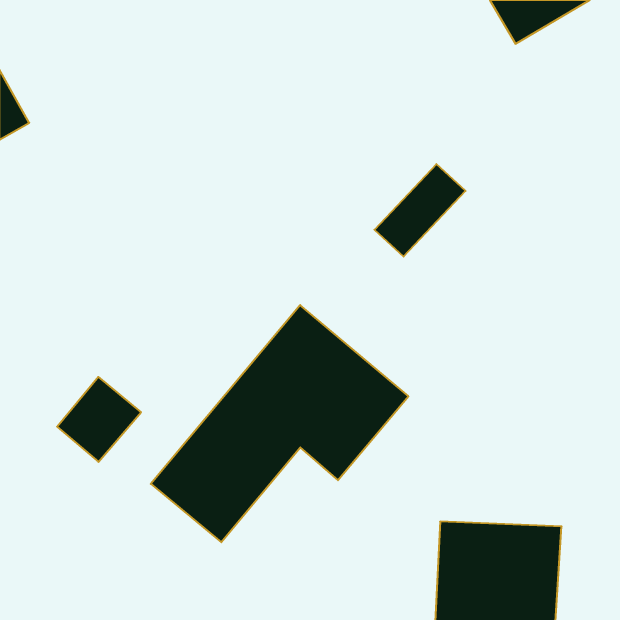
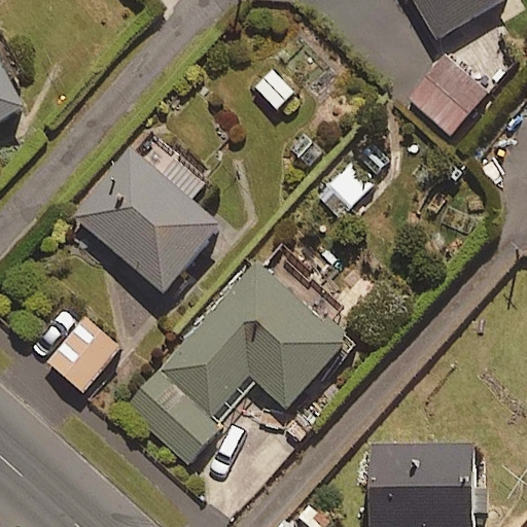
building: none -> [406,57,486,136]
building: none -> [73,146,221,292]

